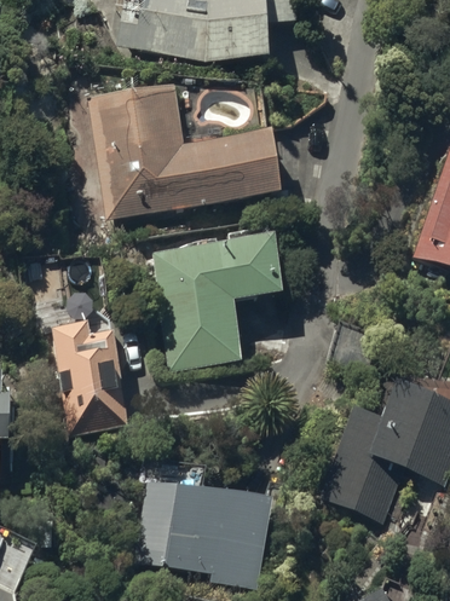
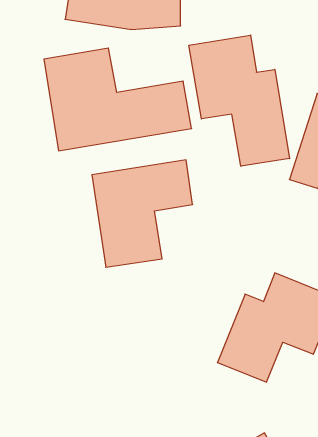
building: none -> [189,35,290,166]
building: [52,319,131,433] -> none
building: [122,452,264,586] -> none

